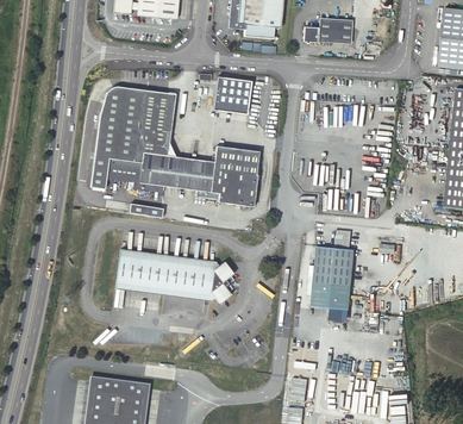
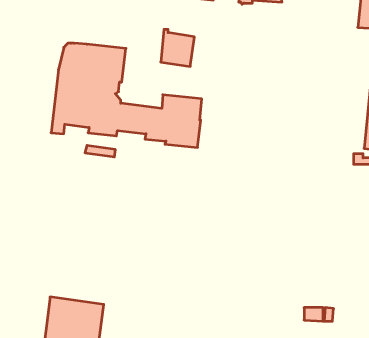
building: [311,244,353,307] -> none
building: [115,251,240,304] -> none

